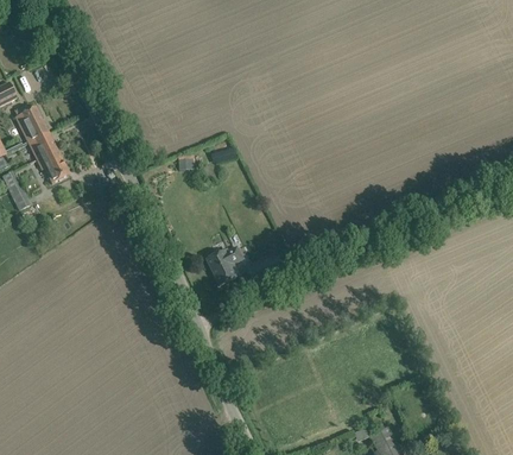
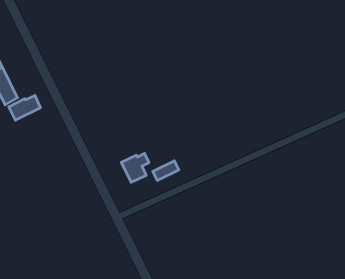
building: none -> [9,95,40,120]

